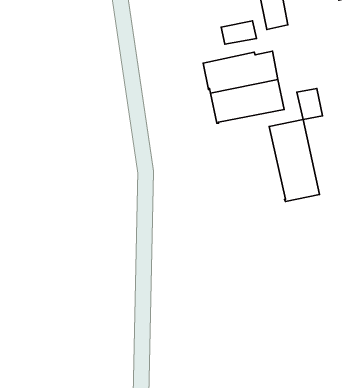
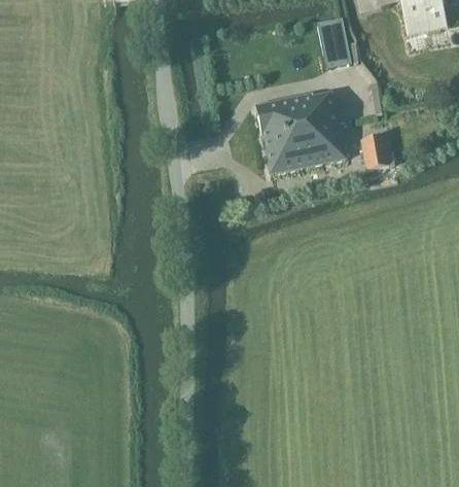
building: [221,21,256,44] -> none
building: [269,119,319,202] -> none

